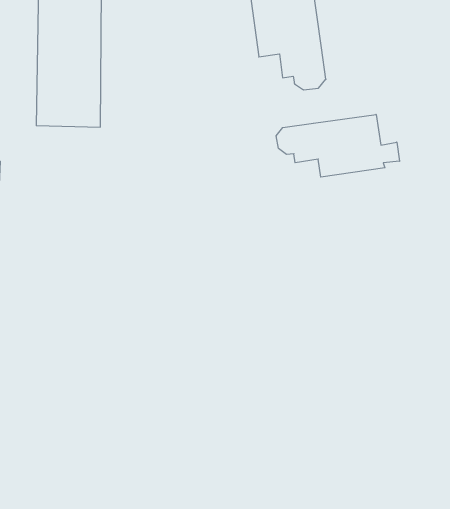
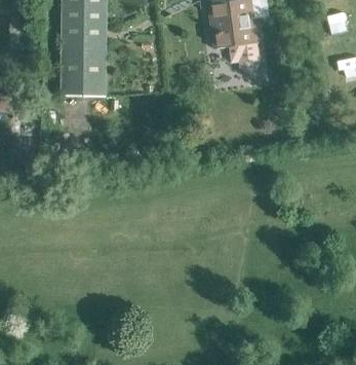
building: [276,114,400,177] -> none

